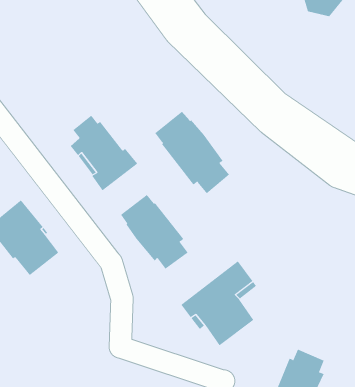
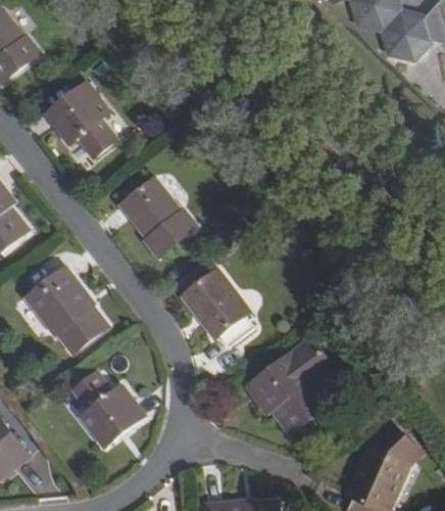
building: none -> [46,83,117,158]
building: [154,111,230,194] -> none
building: none -> [68,365,145,448]

